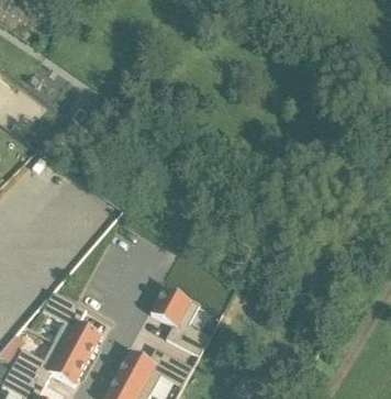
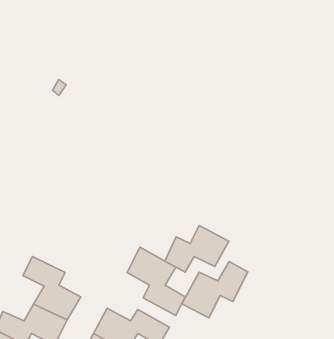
building: none -> [165,226,229,272]
building: none -> [182,261,248,318]

